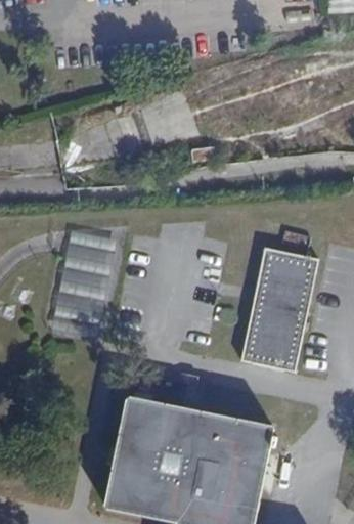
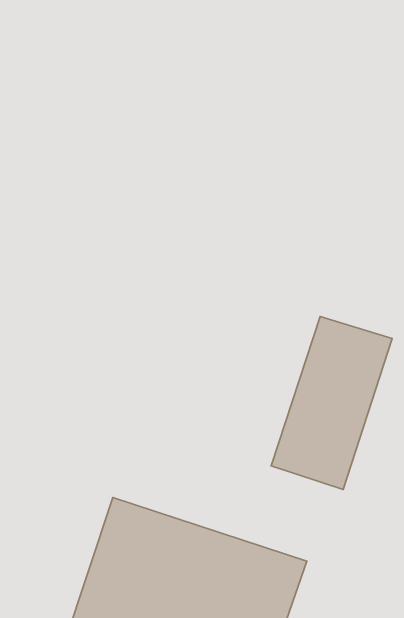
building: [57,224,114,321] -> none

